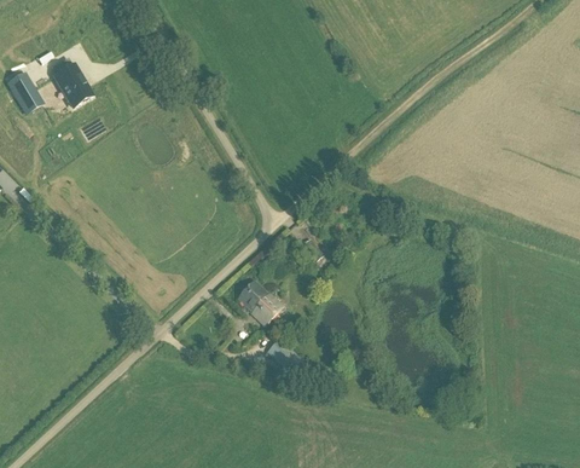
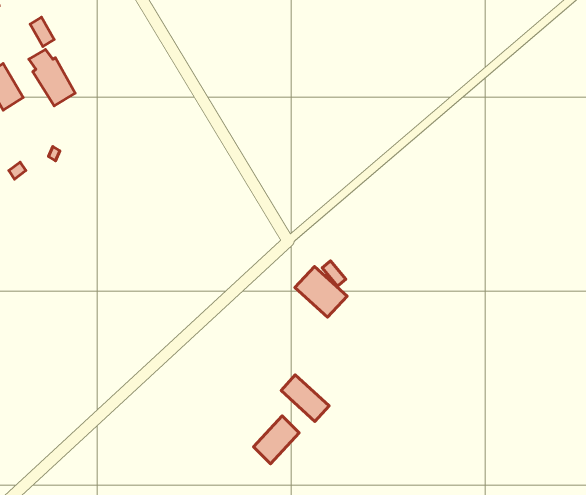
building: [234,281,279,324] -> [295,267,347,317]
building: none -> [254,416,299,464]

